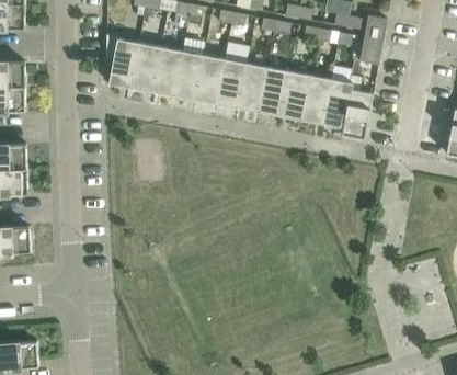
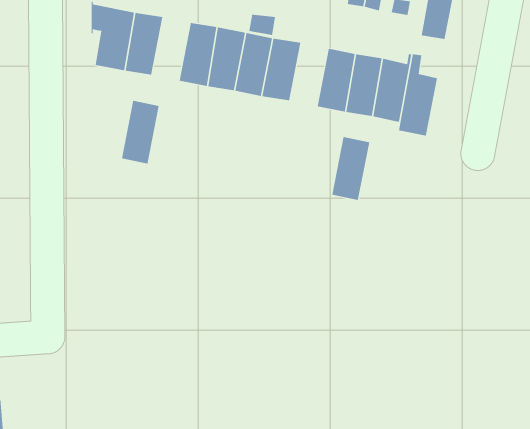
building: [152,47,182,96] -> [121,100,160,164]
building: [259,67,288,116] -> [332,136,370,200]

